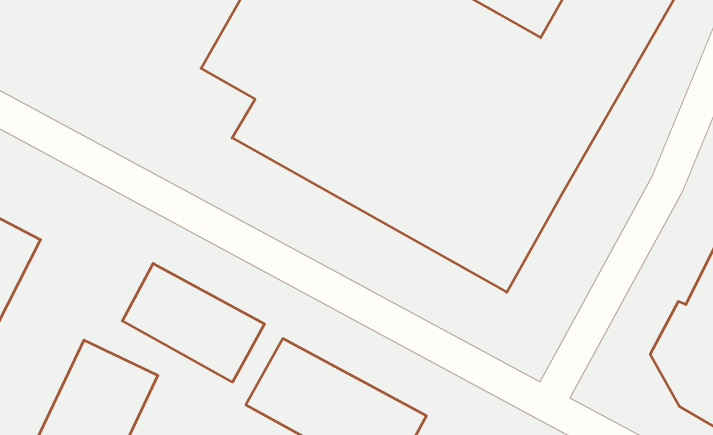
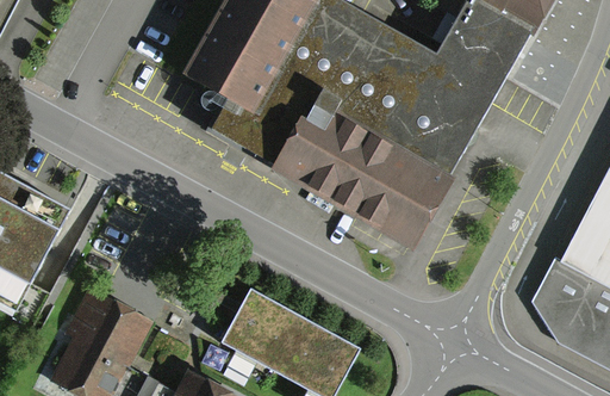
building: [122,263,264,382] -> none

